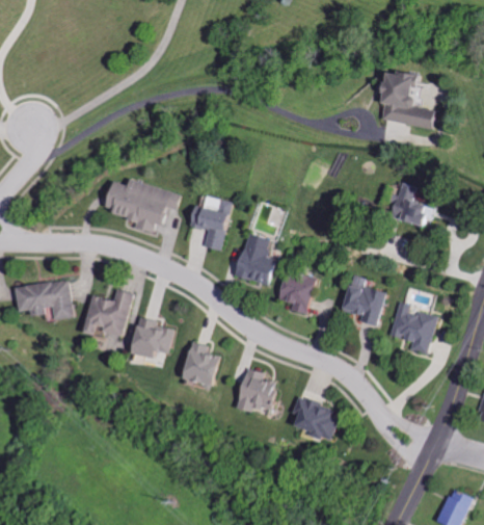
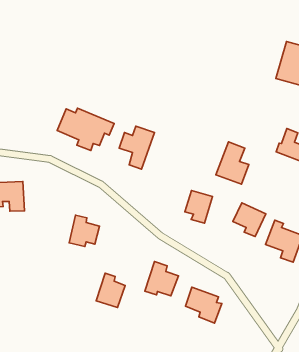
building: [234,232,275,285] -> [216,142,249,184]
building: [84,289,133,335] -> none
building: [185,342,220,385] -> [96,273,125,307]

